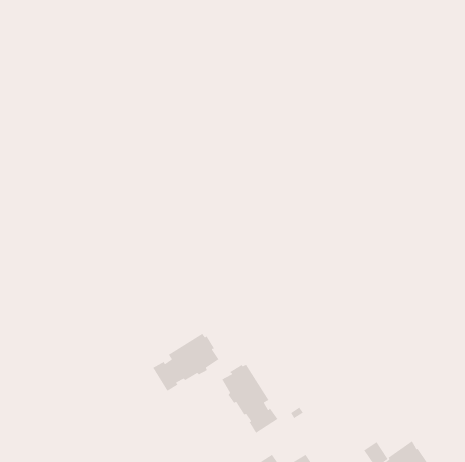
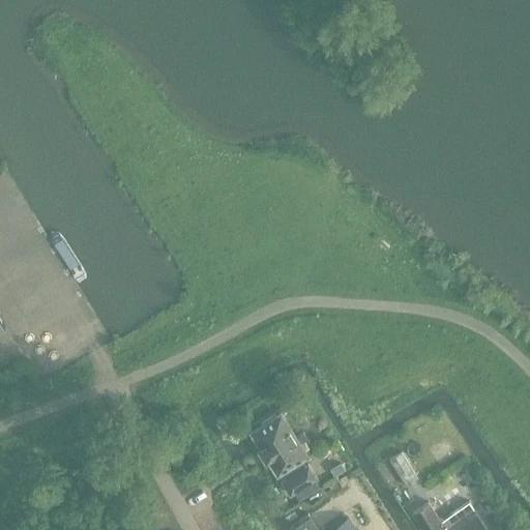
building: [152,333,220,392] -> none

